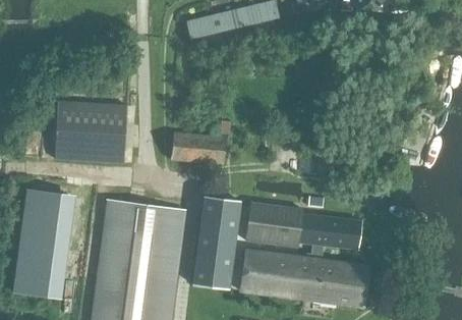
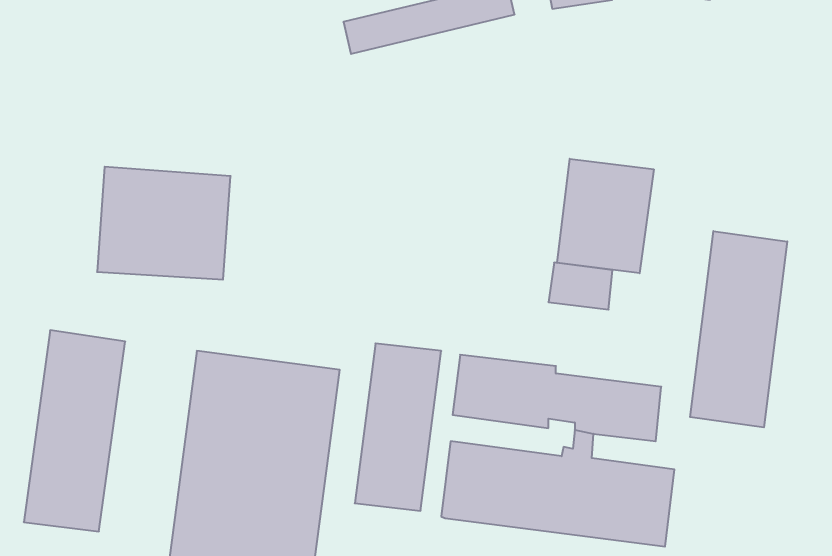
building: none -> [557,159,654,273]
building: [171,132,226,165] -> none
building: none -> [690,231,787,427]

